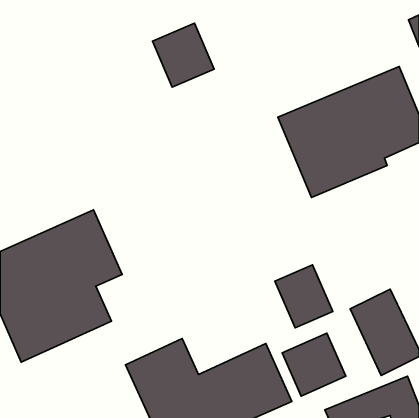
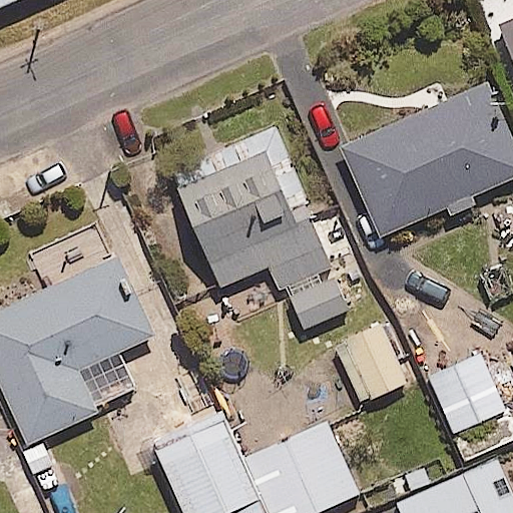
building: [152,23,214,87] -> none
building: none -> [170,130,347,328]
building: [282,333,346,396] -> none

